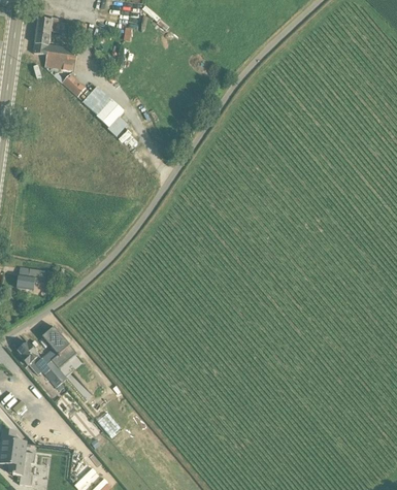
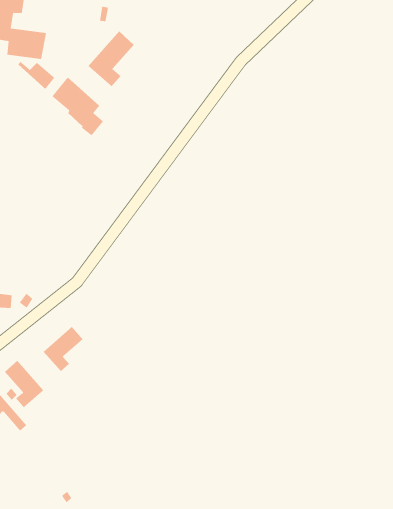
building: none -> [88,31,135,87]
building: none -> [43,326,83,372]

